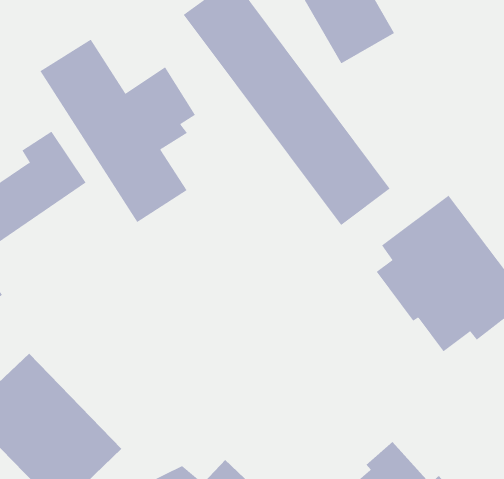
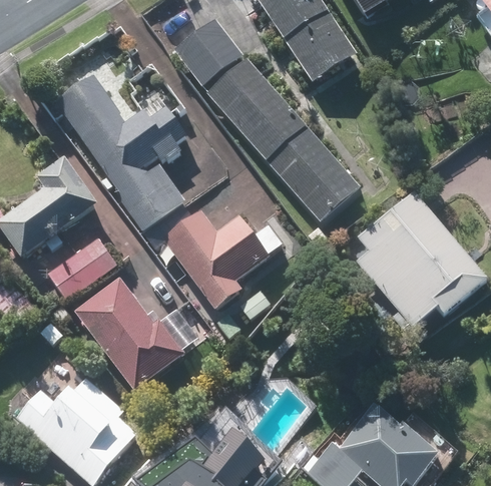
building: none -> [148,206,284,310]
building: none -> [45,236,119,303]
building: none -> [73,278,184,391]

